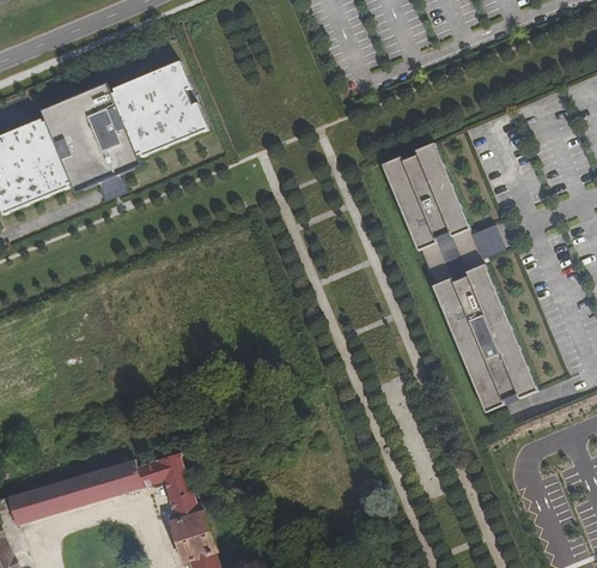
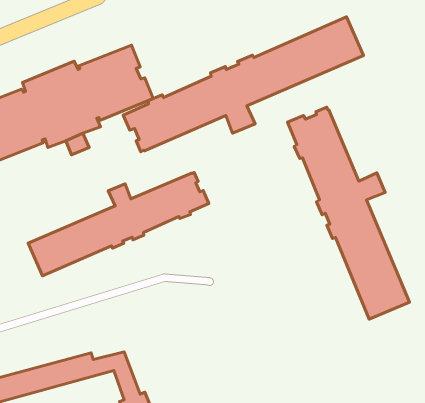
building: none -> [123,17,363,152]
building: none -> [28,172,209,276]

